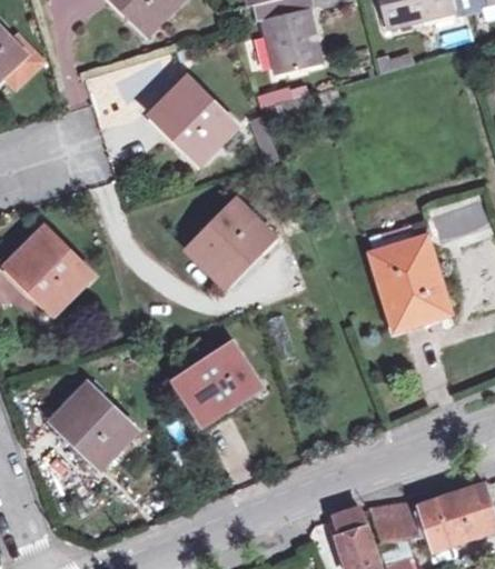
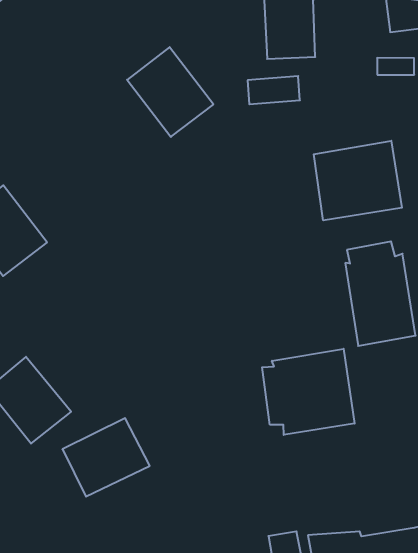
building: none -> [314,141,402,220]
building: [184,199,267,283] -> none
building: none -> [262,349,355,435]
building: [178,340,261,418] -> [62,418,150,497]

